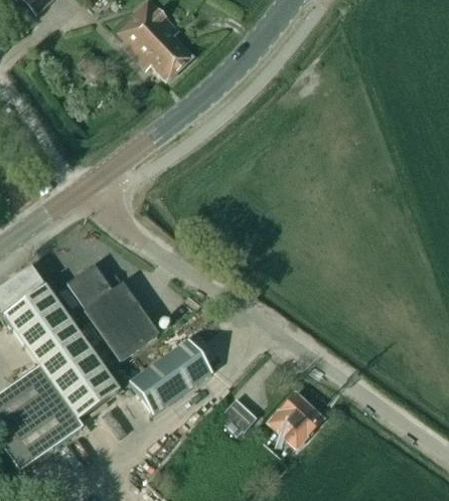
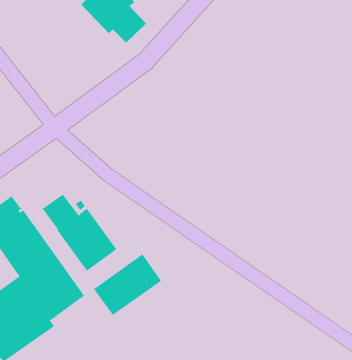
building: [269,391,323,446] -> none
building: [223,397,257,434] -> none

